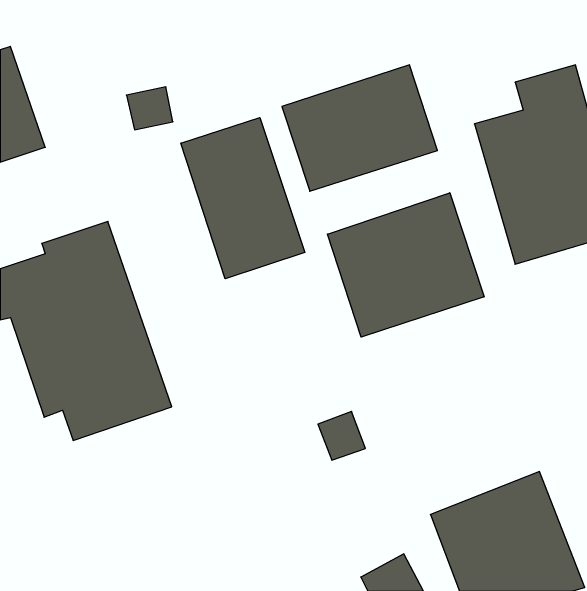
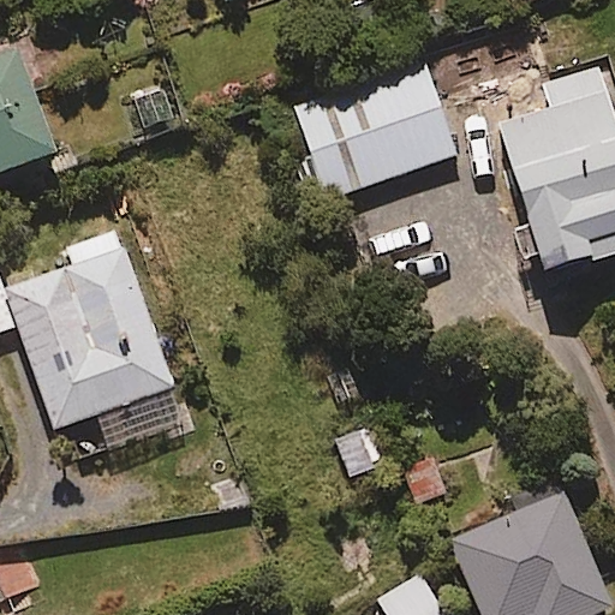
building: [181,118,305,279] -> none
building: [327,193,484,337] -> none

